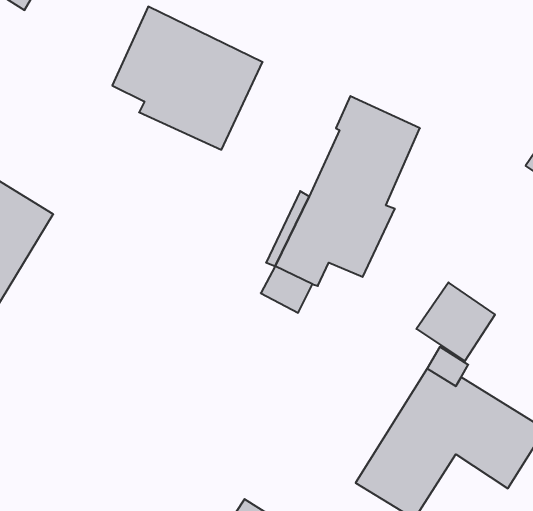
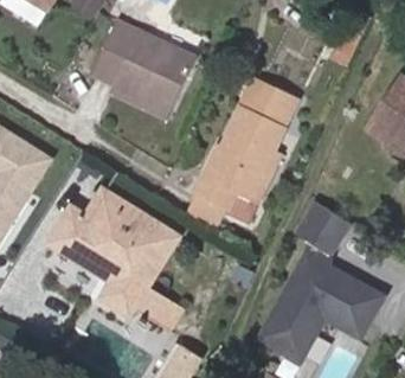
building: none -> [50,190,181,327]

